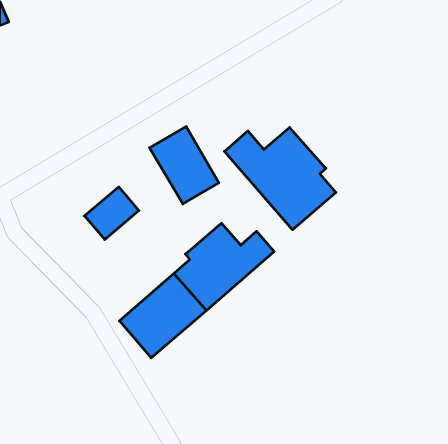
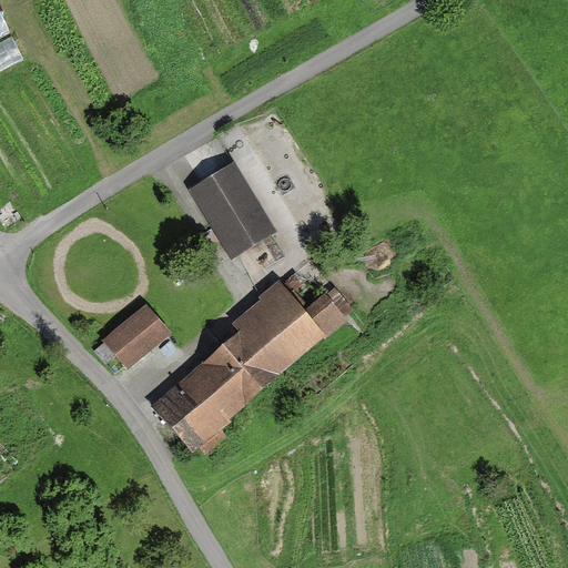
building: [224,127,336,230] -> none
building: [84,187,139,240] -> [102,302,171,368]

